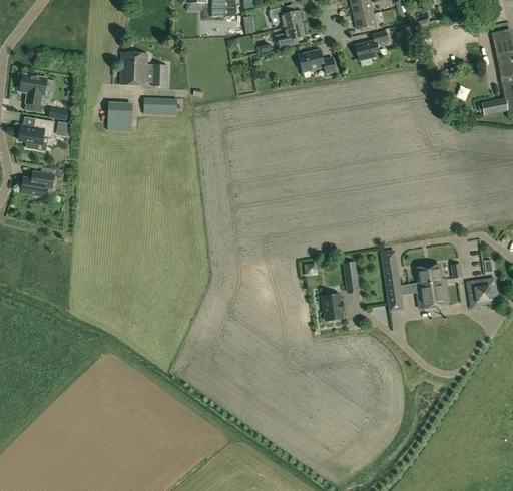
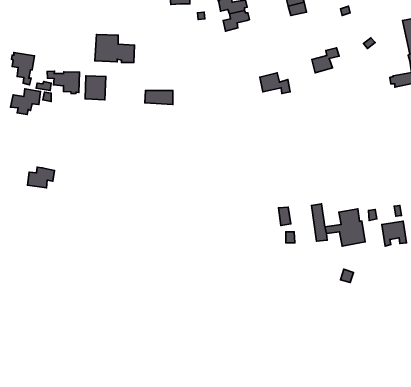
building: [356,31,389,61] -> [312,48,339,73]
building: [299,49,336,74] -> [260,73,290,94]
building: none -> [47,71,79,94]
building: [143,98,177,115] -> [145,90,173,104]
building: [21,171,54,196] -> [27,167,55,188]
building: [322,294,343,321] -> none

